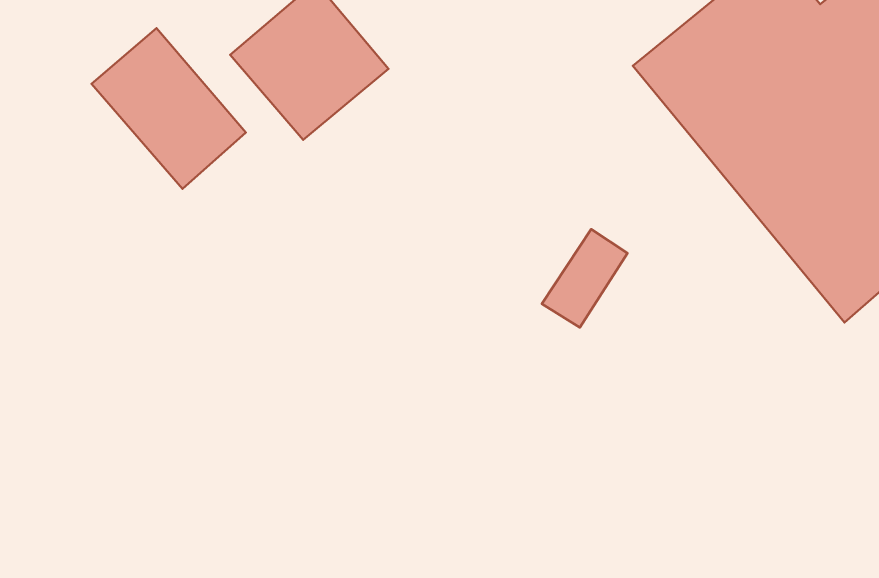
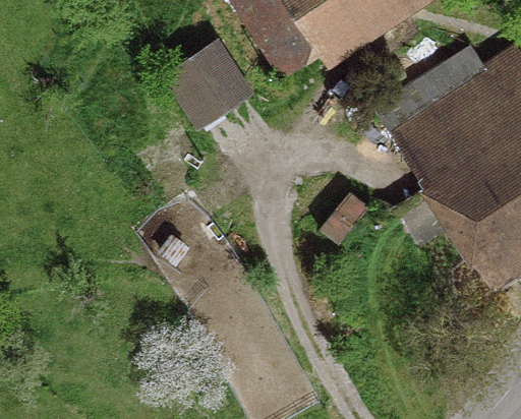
building: [91,28,246,189] -> none

